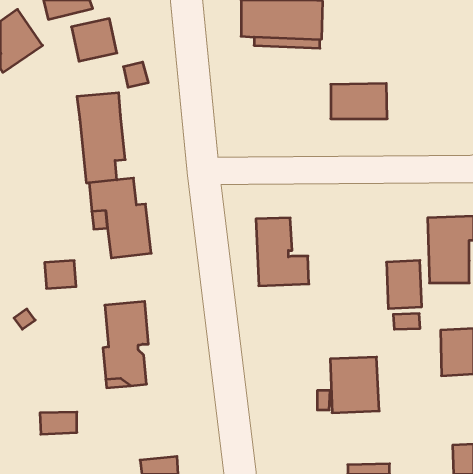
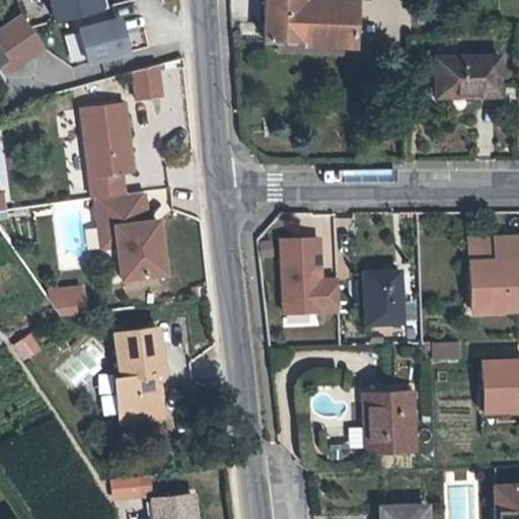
building: [331,83,387,119] -> [436,56,498,94]
building: [386,260,422,309] -> [363,270,401,322]
building: [40,412,77,434] -> [109,475,150,500]

